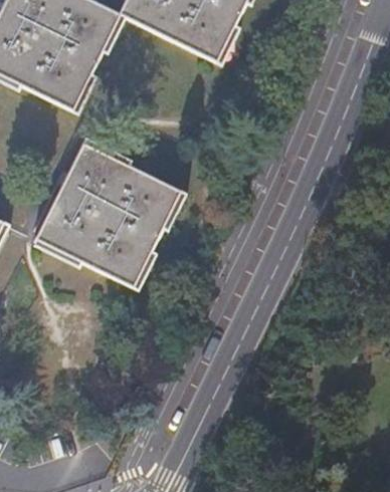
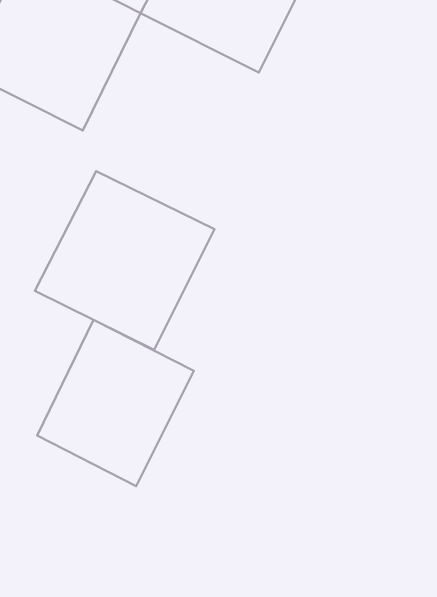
building: none -> [37,320,194,486]

